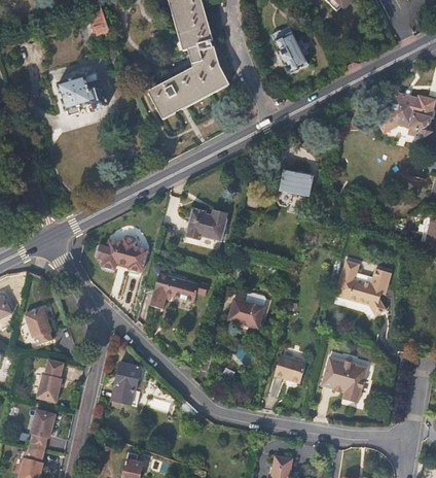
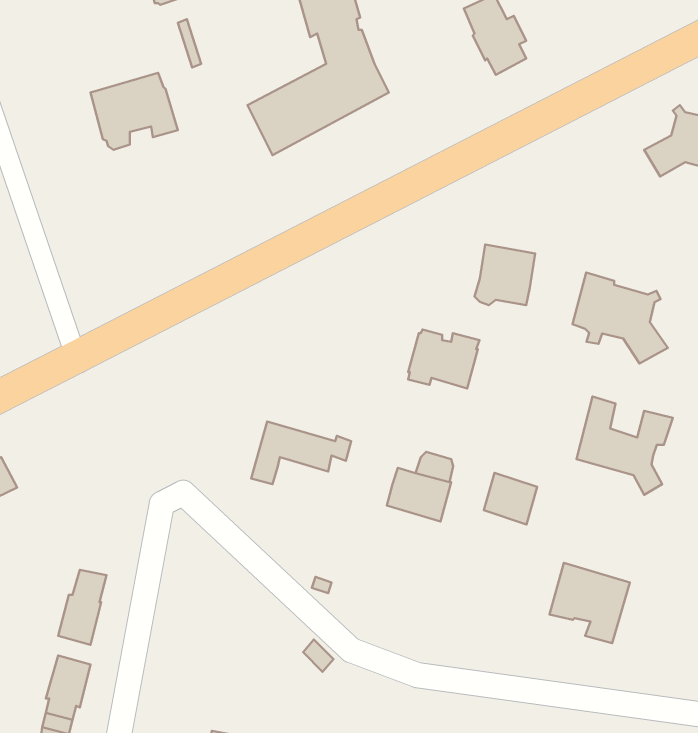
building: none -> [573,272,668,364]
building: [185,206,226,240] -> [408,329,480,388]
building: [97,238,145,279] -> none
building: [26,306,53,344] -> none
building: [274,354,304,384] -> [484,473,537,525]
building: [111,361,139,404] -> none

